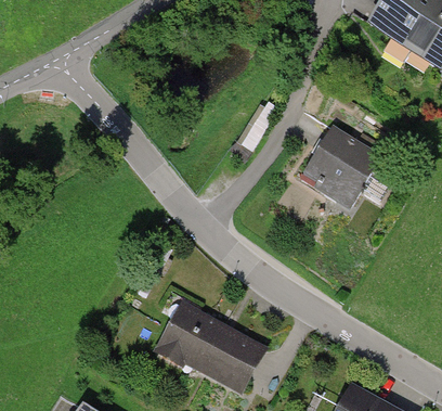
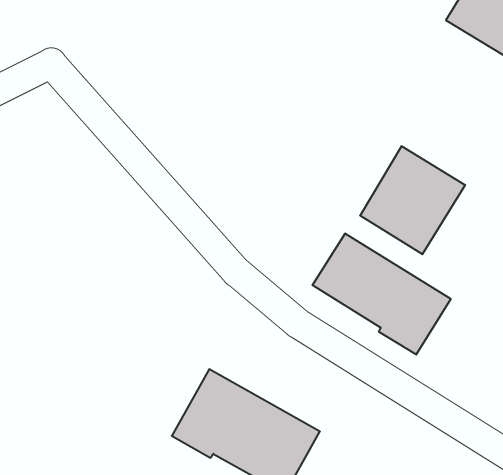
building: none -> [313,233,451,355]

